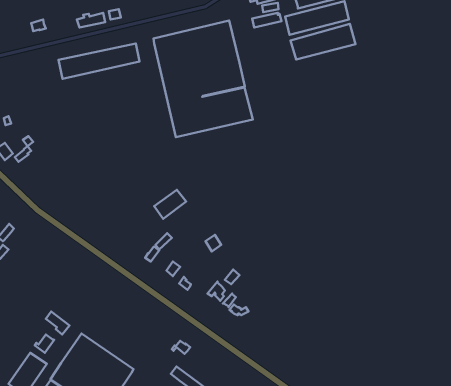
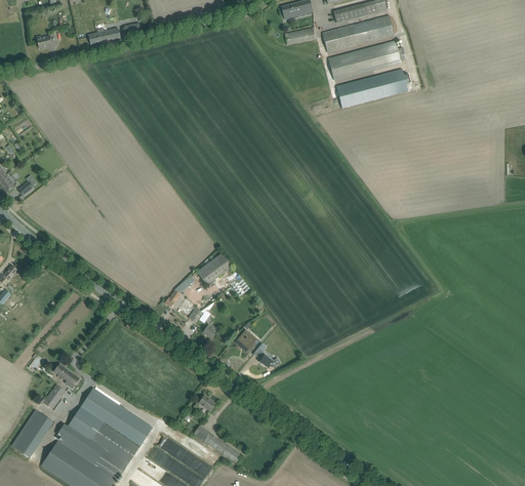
building: [154,20,253,137] -> none
building: [58,43,139,79] -> none
building: none -> [335,69,407,109]
building: [154,190,186,219] -> [197,252,233,285]

